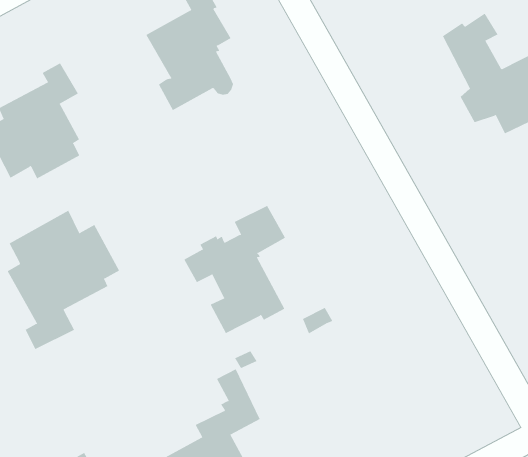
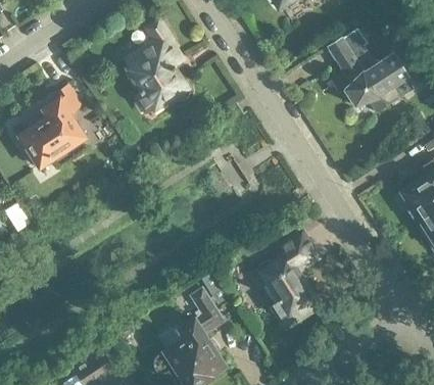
building: [183,205,286,334] -> [247,235,320,326]
building: [7,210,120,350] -> none

